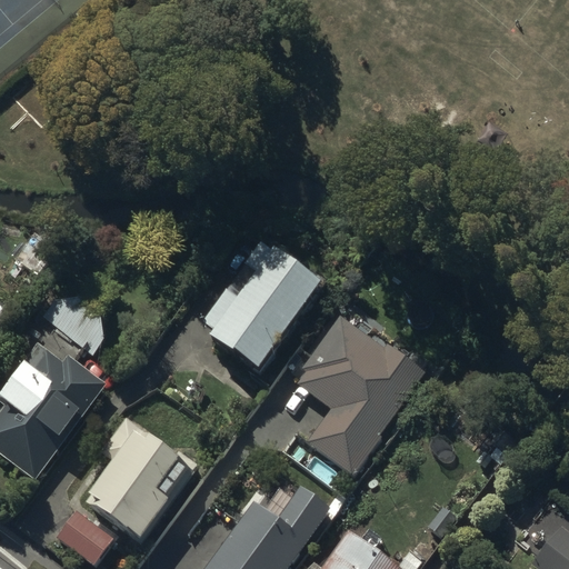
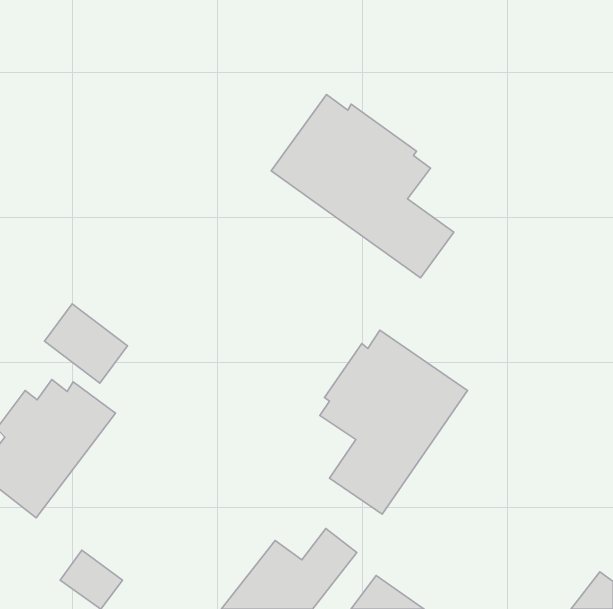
building: none -> [271,95,454,278]
building: [201,237,323,371] -> none
building: [87,417,180,541] -> none

